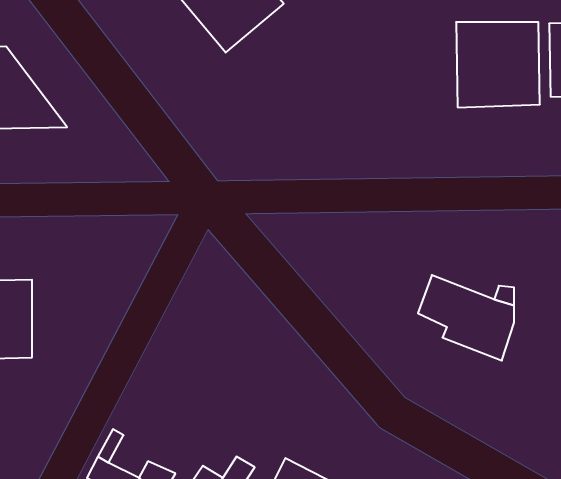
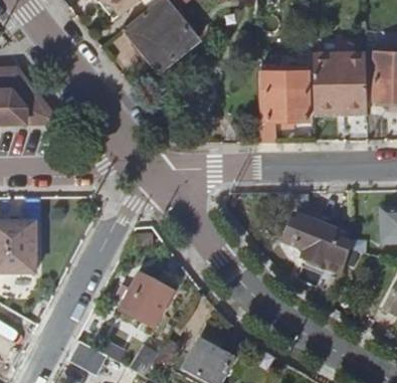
building: none -> [259,70,308,142]
building: none -> [122,273,170,325]

